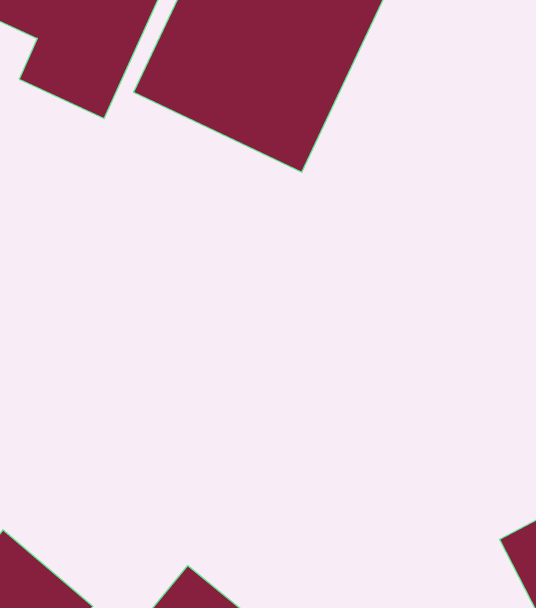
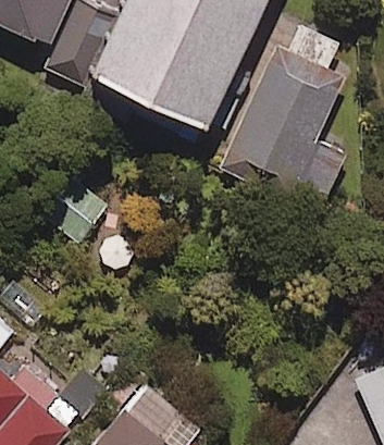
building: none -> [223,44,343,196]

